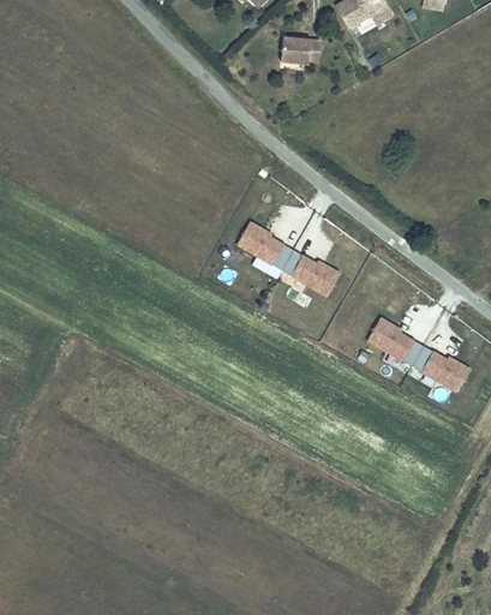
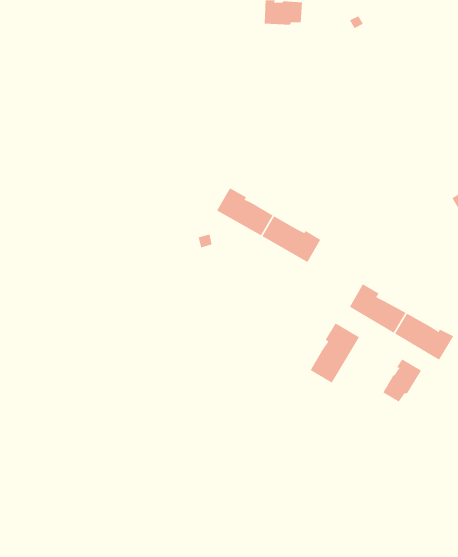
building: none -> [310,322,360,383]
building: none -> [382,358,422,403]

